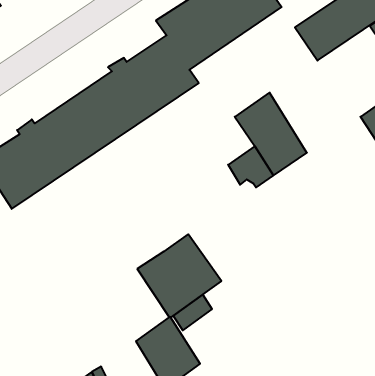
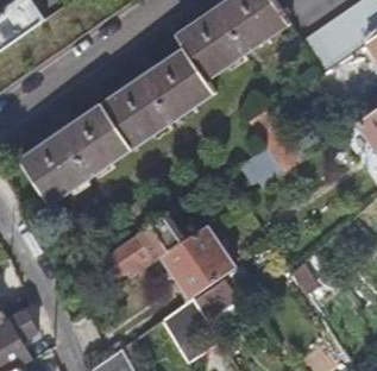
building: none -> [105,213,186,275]

